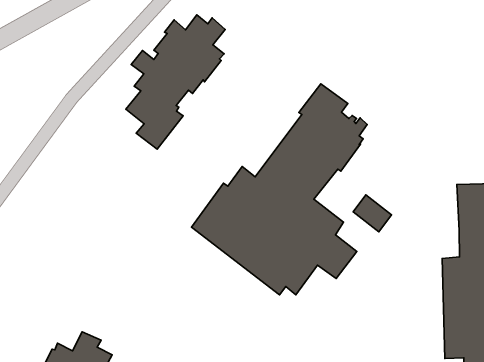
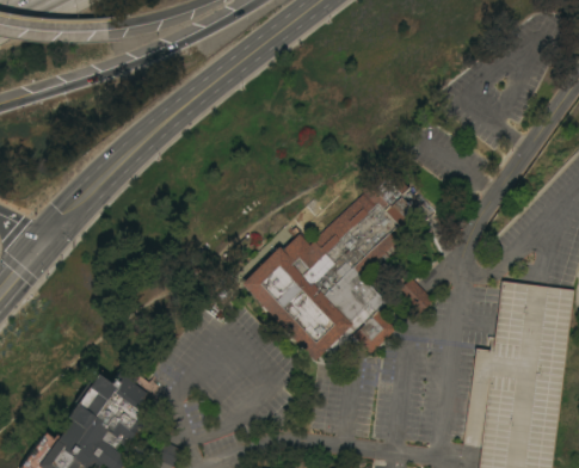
building: [126,15,225,149] -> none

